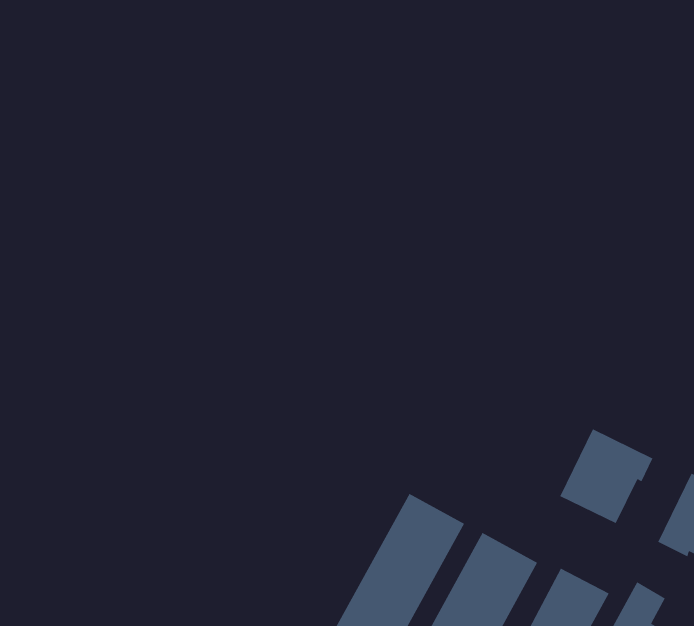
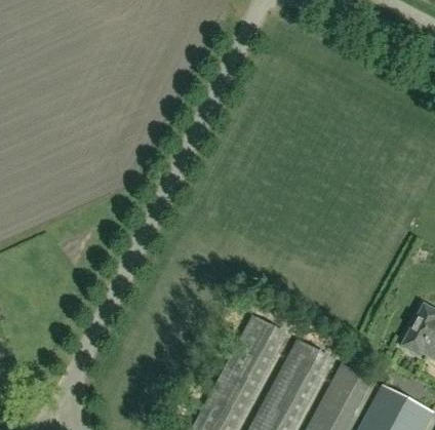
building: [559,428,654,524] -> none

